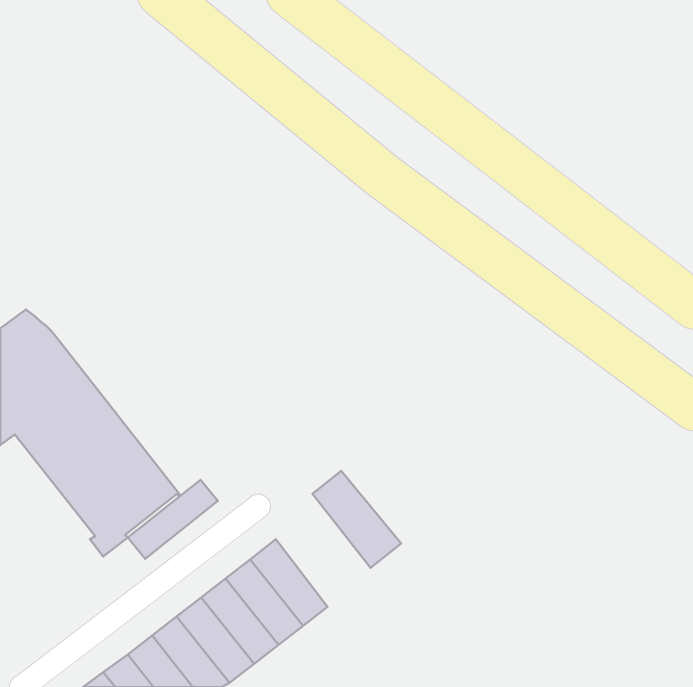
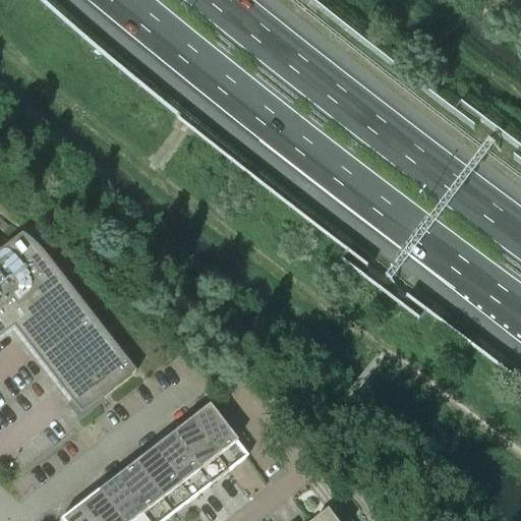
building: [312,471,401,568] -> none
building: [128,480,218,559] -> none

